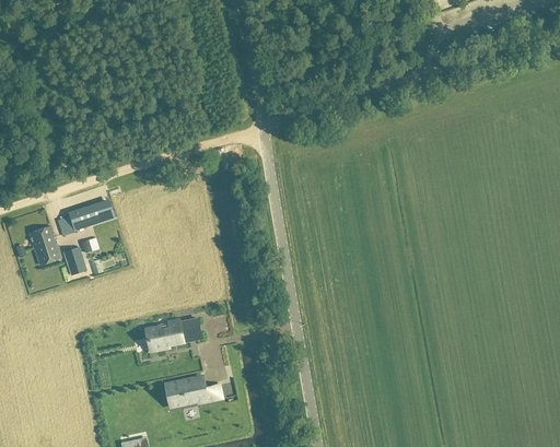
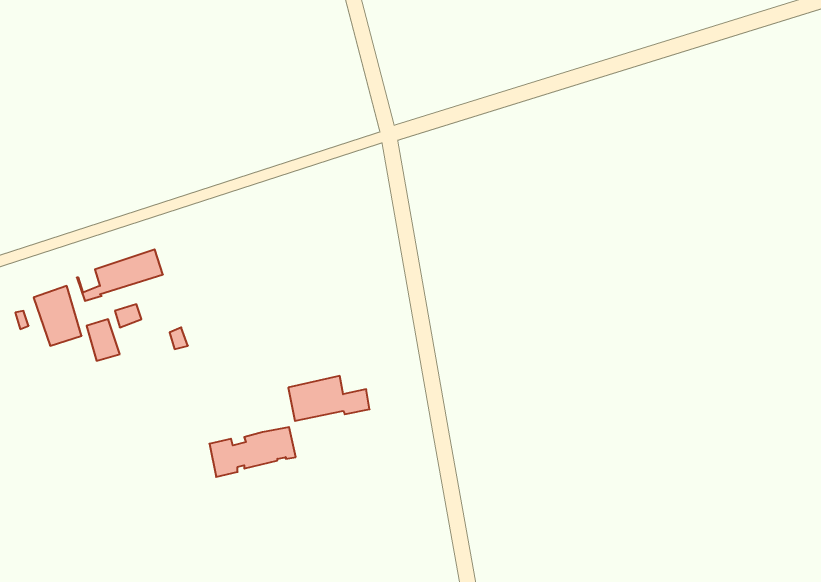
building: [165,376,219,405] -> [288,376,370,421]

